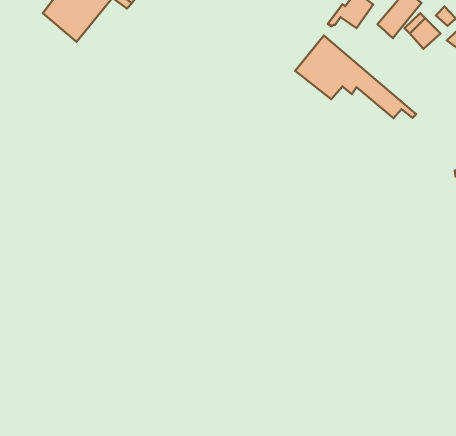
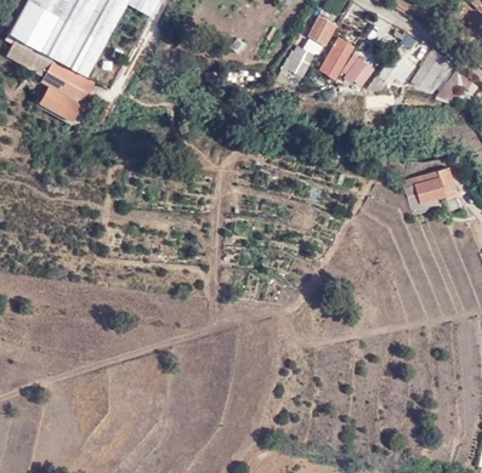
building: [295,35,416,118] -> none

